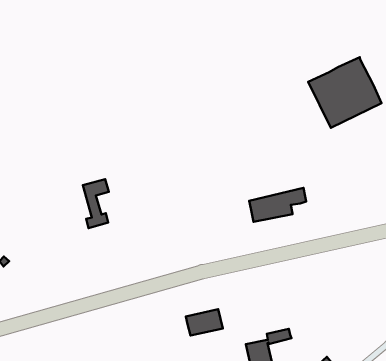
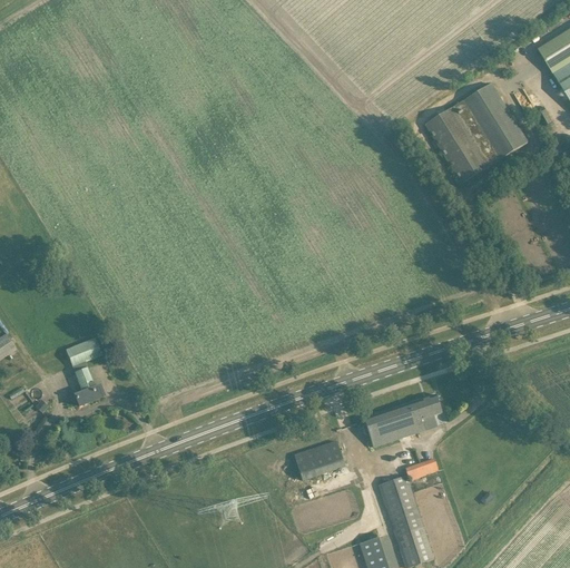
building: [83,179,109,228] -> [65,337,104,405]
building: [249,188,306,222] -> [363,393,440,445]

